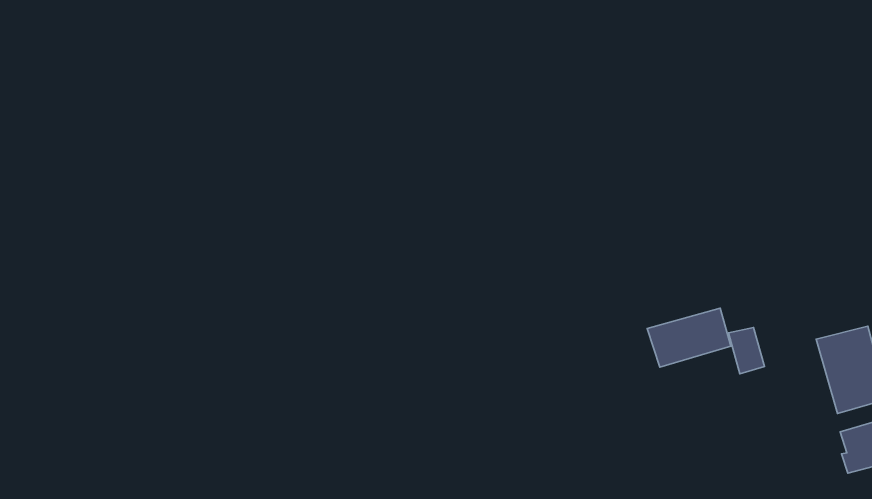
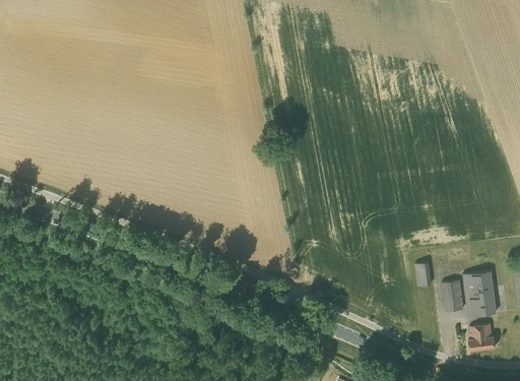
building: [647,308,731,367] -> none
building: none -> [440,280,462,312]

